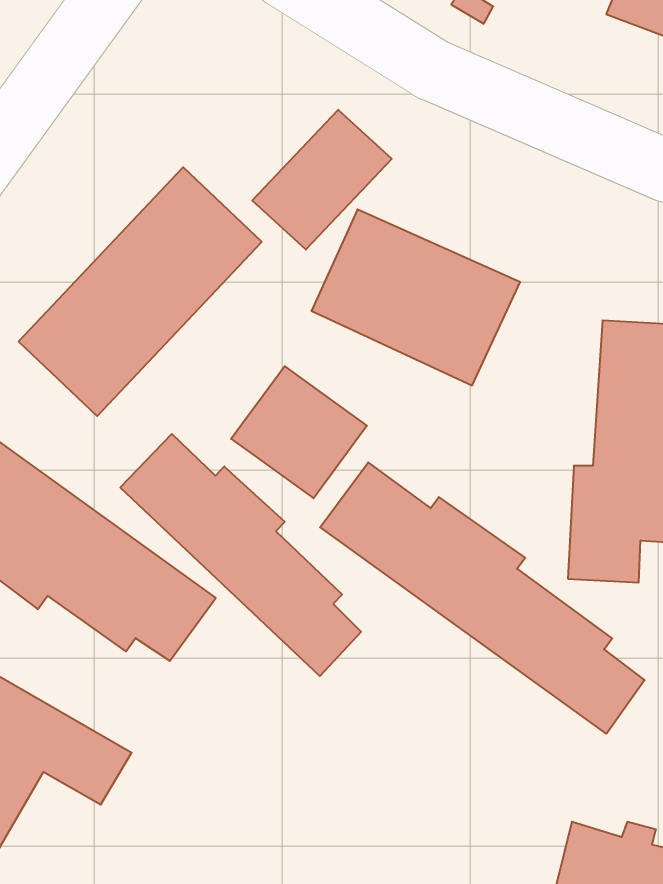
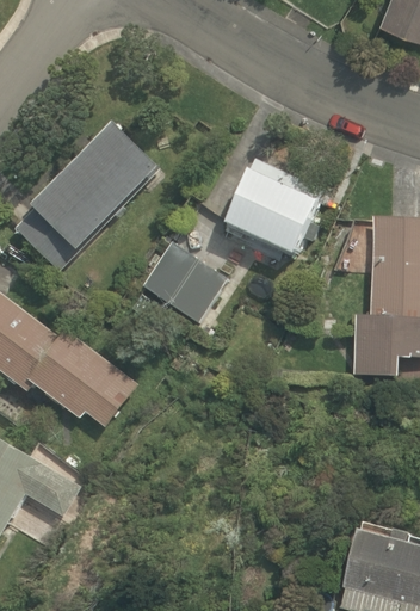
building: [252,110,392,250] -> none
building: [120,434,361,676] -> none
building: [320,462,645,734] -> none

